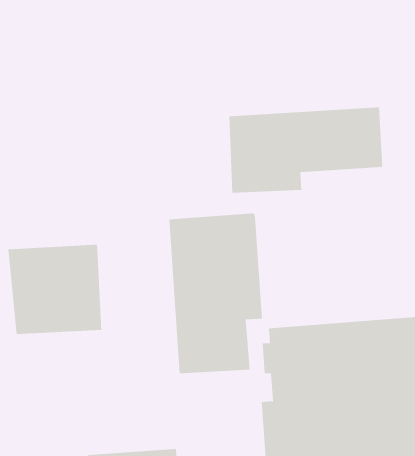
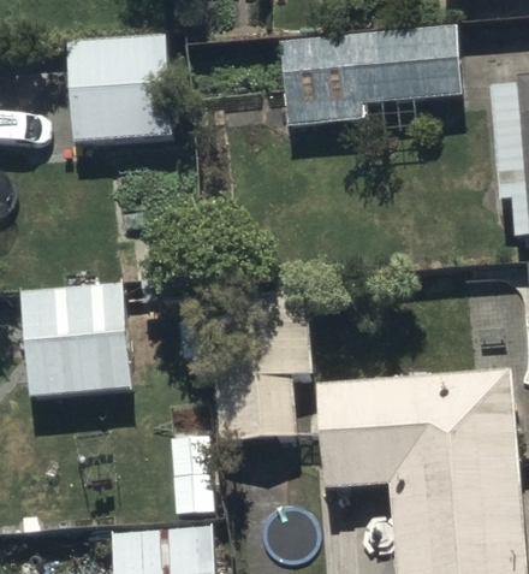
building: none -> [71,29,173,138]
building: [228,107,383,193] -> [281,26,460,126]

